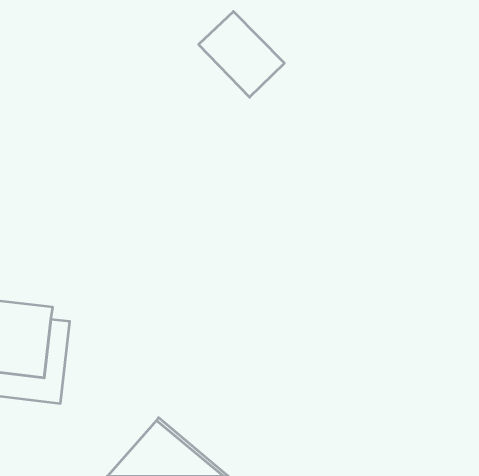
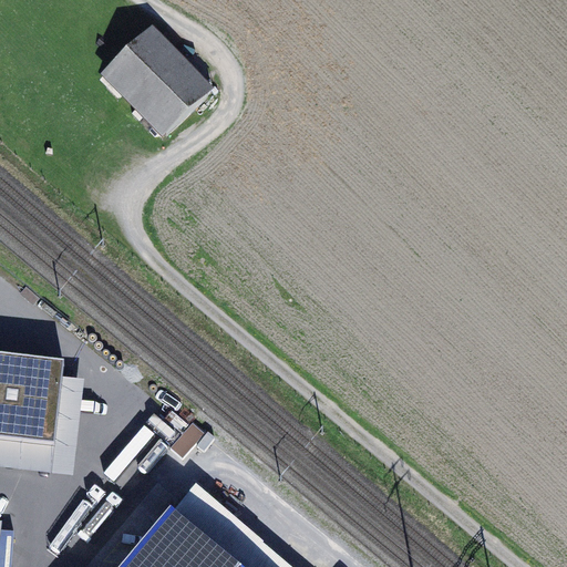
building: [199,11,284,97] -> [104,31,205,132]

